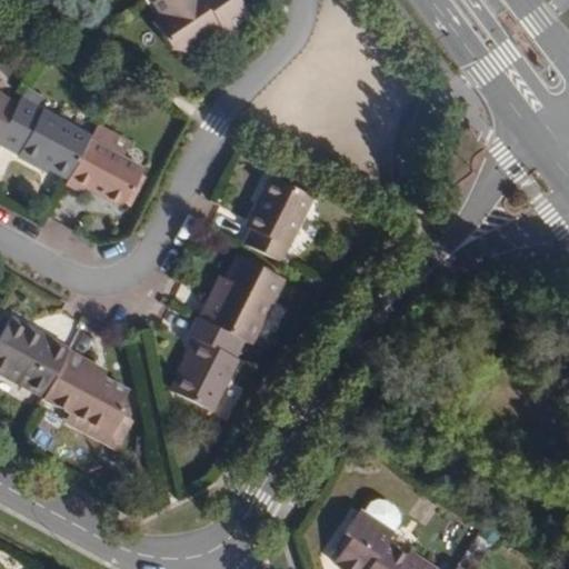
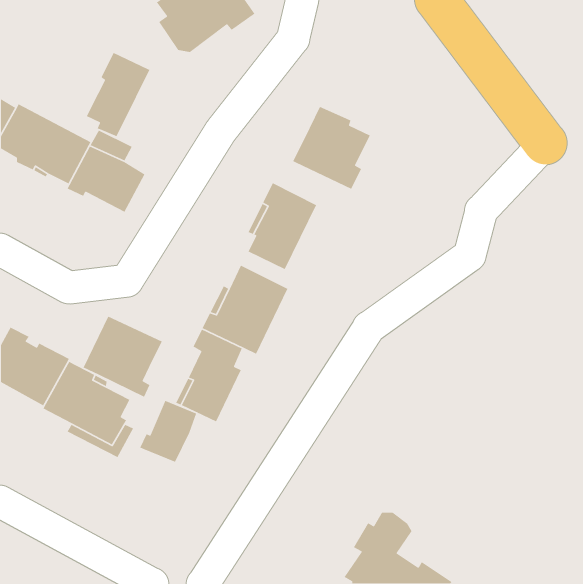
building: none -> [86,52,151,137]
building: none -> [292,106,371,190]
building: none -> [83,315,163,398]
building: none -> [139,400,197,463]

